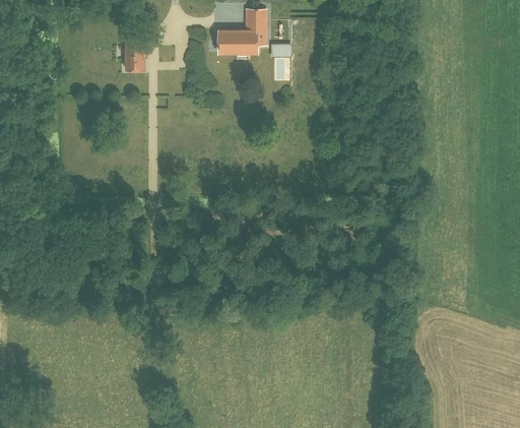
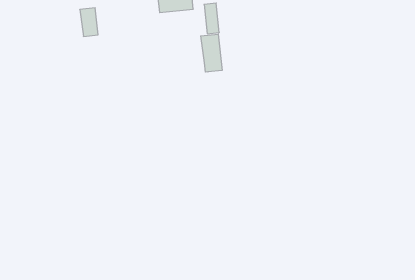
building: none -> [201,34,222,72]

